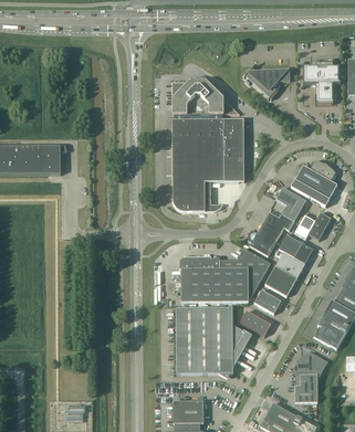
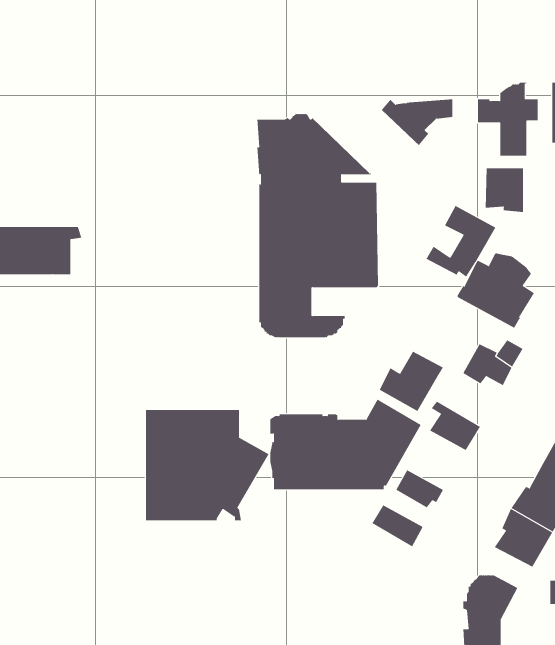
building: none -> [485,167,524,213]
building: [264,187,306,230] -> [426,205,496,277]
building: [278,234,313,264] -> none
building: [264,266,296,296] -> none
building: [176,307,250,373] -> [145,410,270,521]

